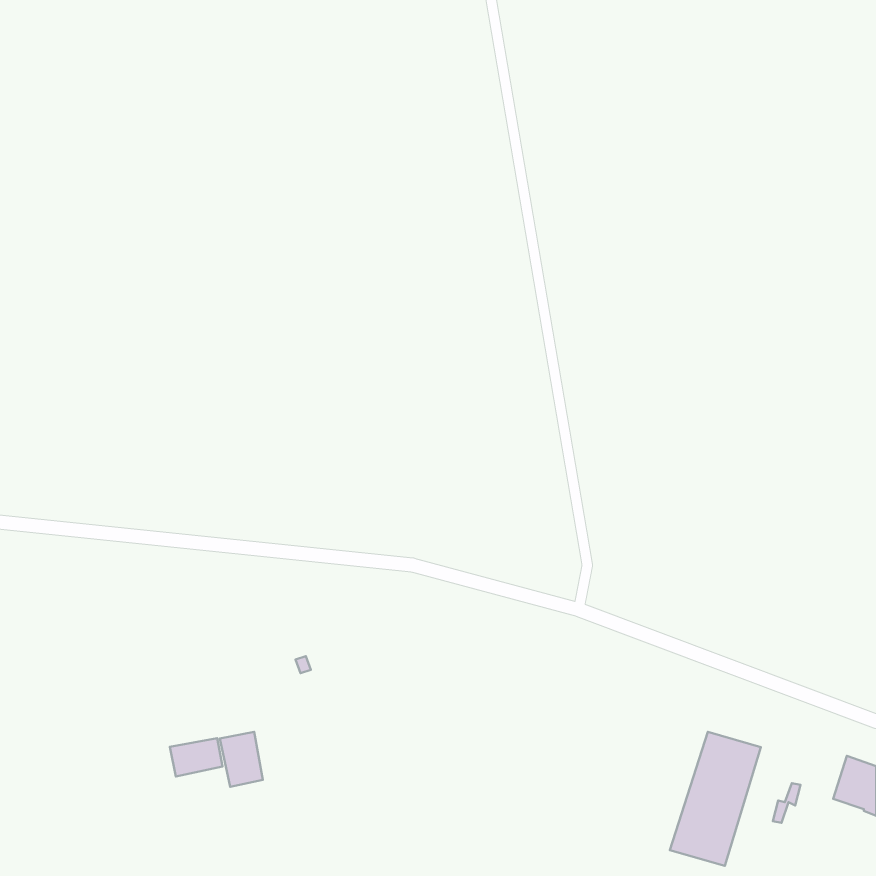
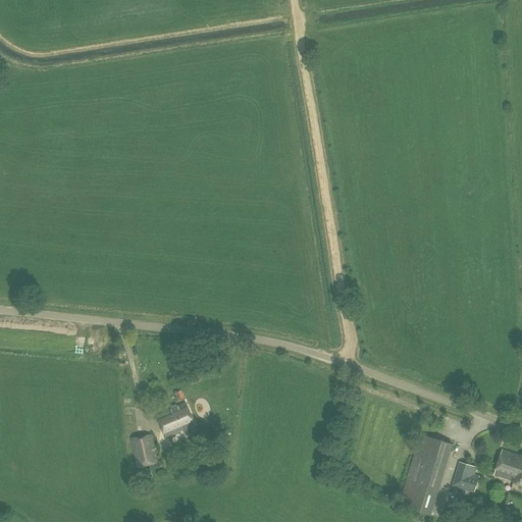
building: none -> [156,402,195,436]
building: [170,738,223,777] -> none

